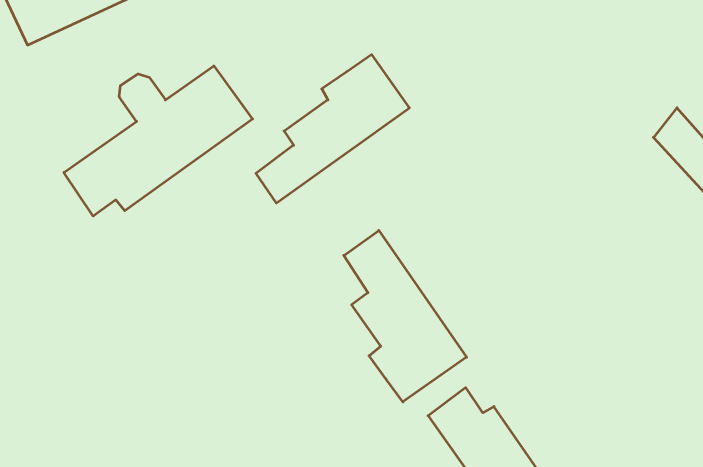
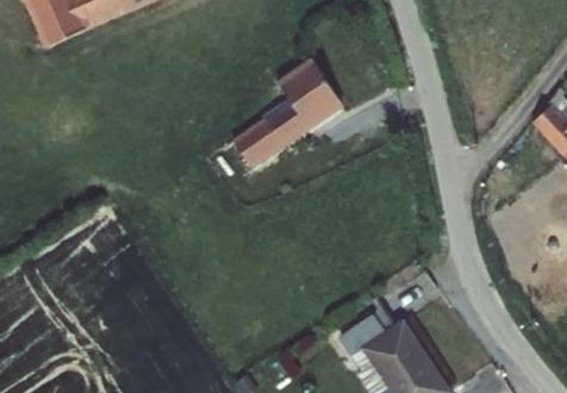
building: [64,66,253,216] -> none
building: [344,230,467,402] -> none

